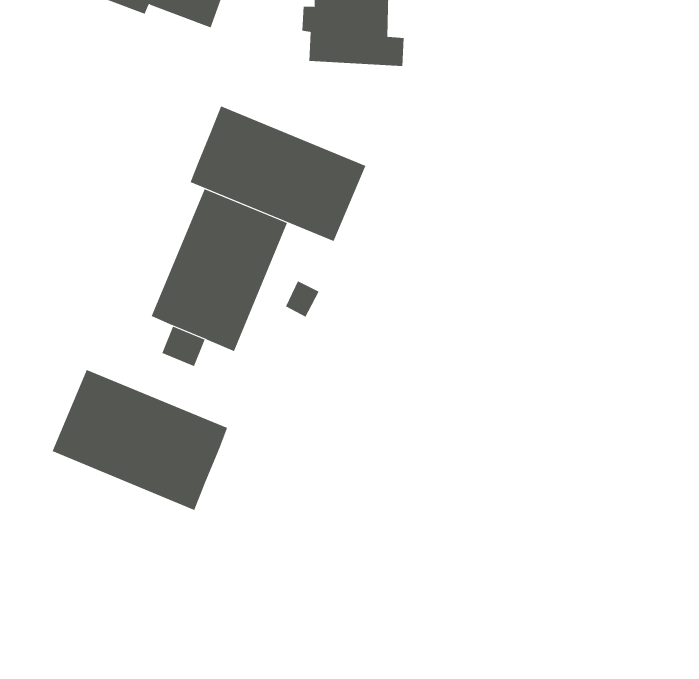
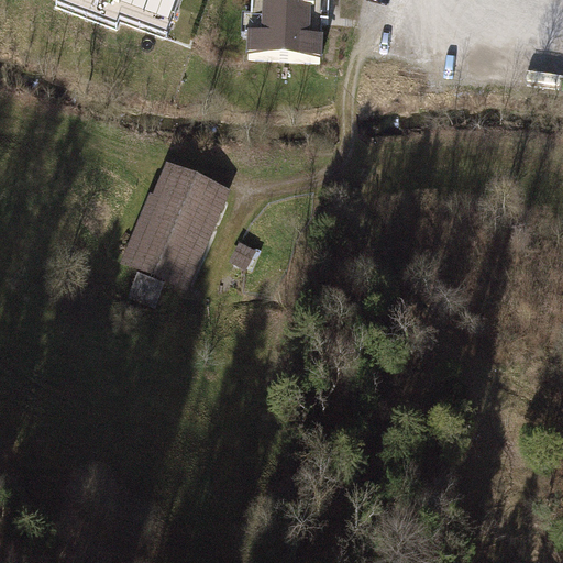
building: [190,105,366,242] -> none
building: [52,369,228,511] -> none

